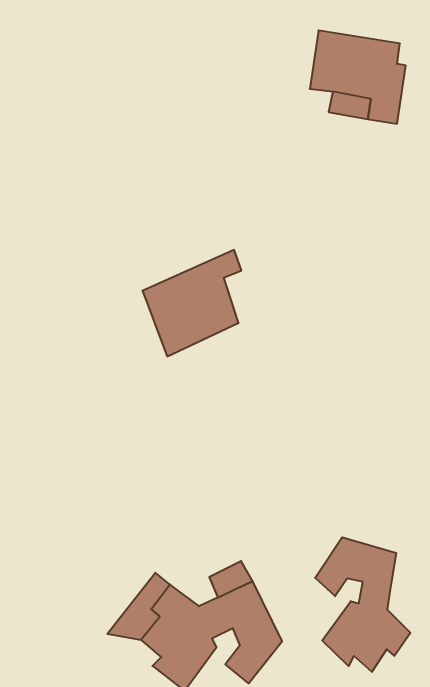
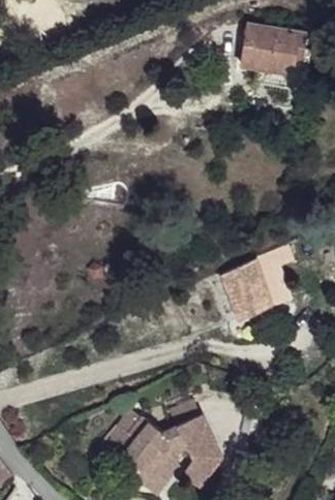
building: [142,250,241,356] -> [222,246,293,321]
building: [315,537,410,672] -> none

